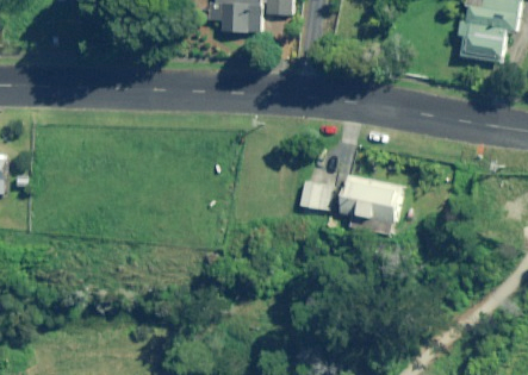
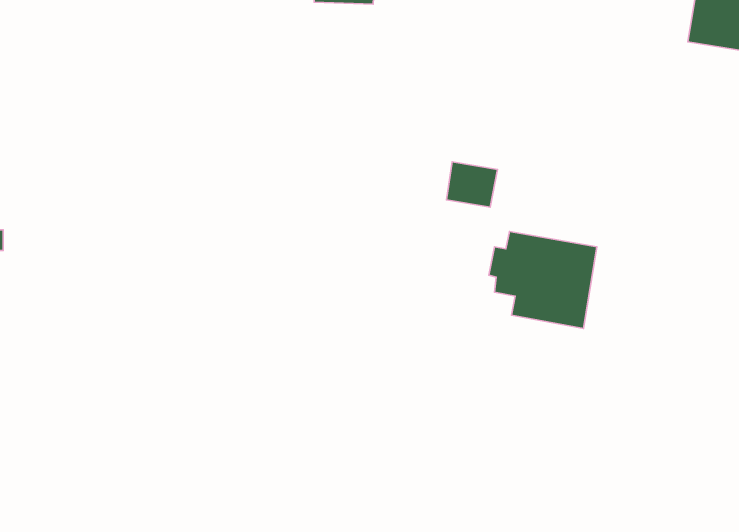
building: [299,181,331,210] -> [446,162,498,207]

